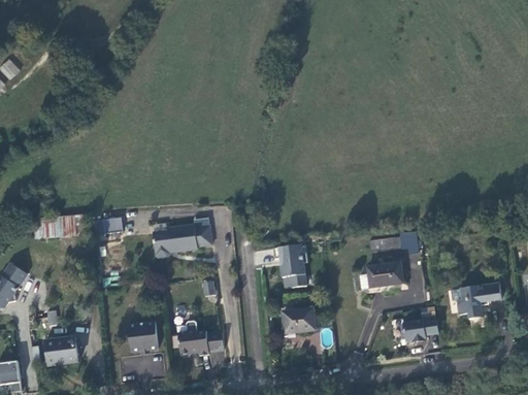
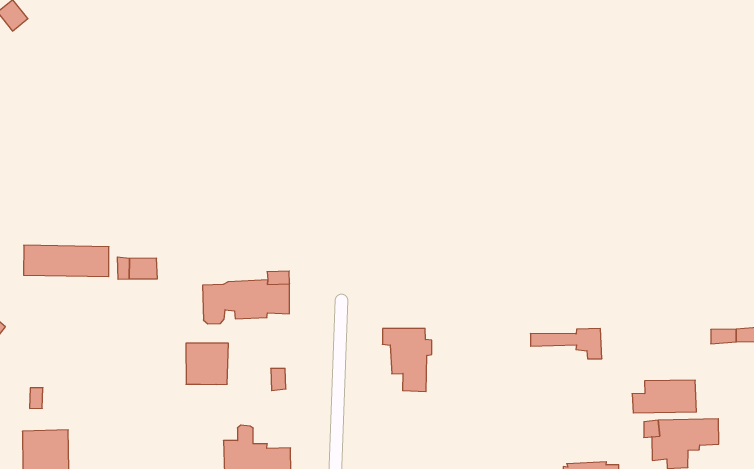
building: [360,262,403,288] -> [632,380,696,413]
building: [283,307,316,333] -> none
building: [128,322,158,352] -> [186,343,228,384]

